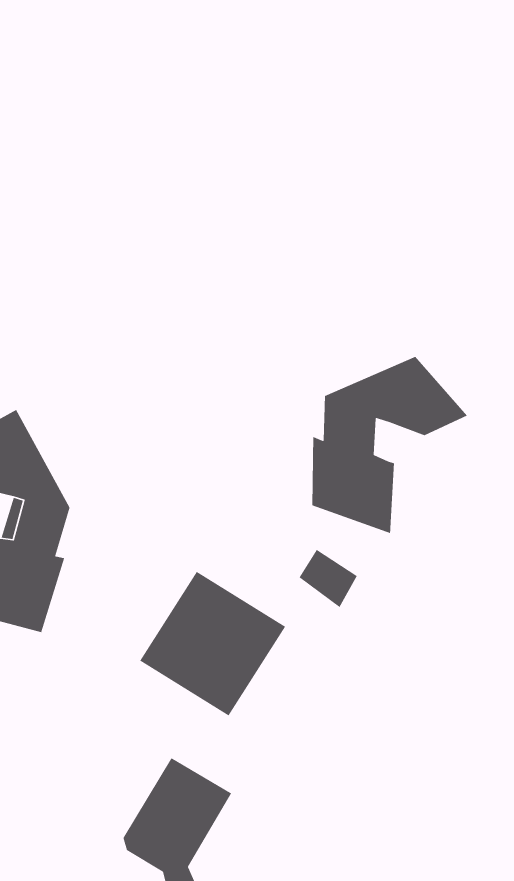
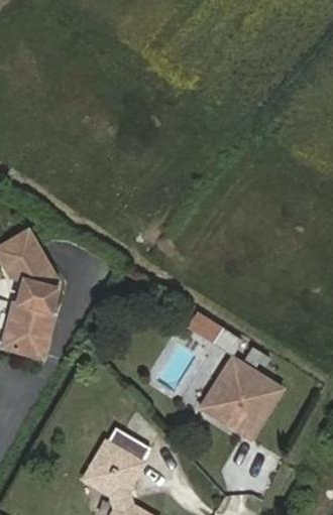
building: [312,356,468,534] -> none
building: [139,571,286,716] -> [199,356,282,437]

